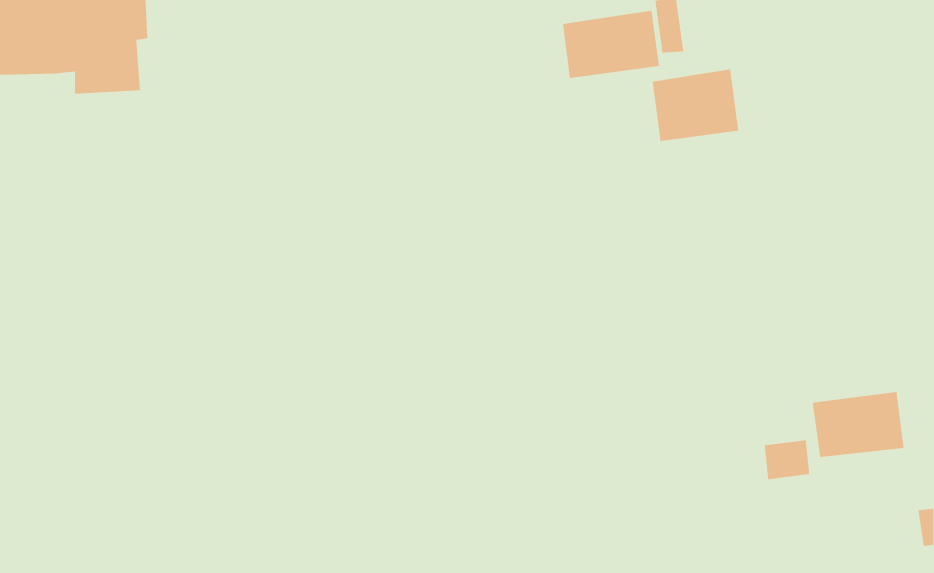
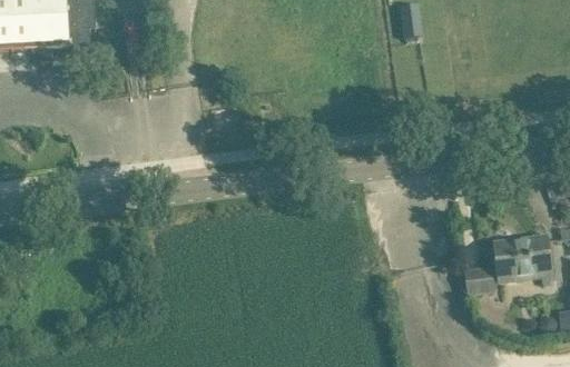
building: [562,10,660,79] -> none
building: [652,69,739,142] -> none

